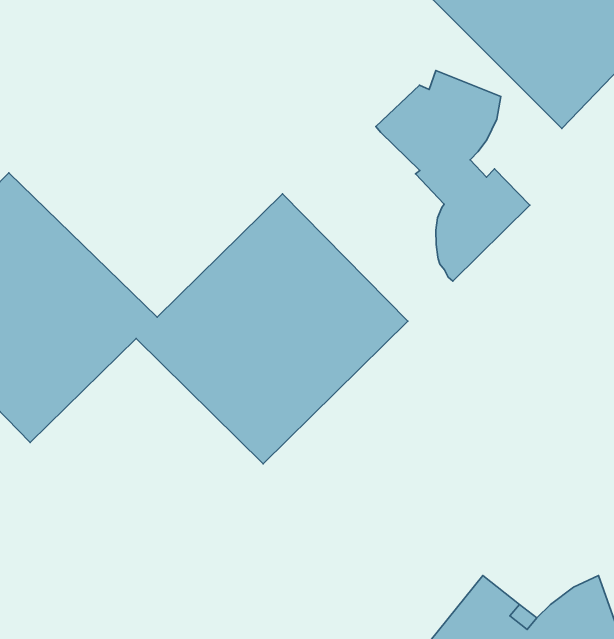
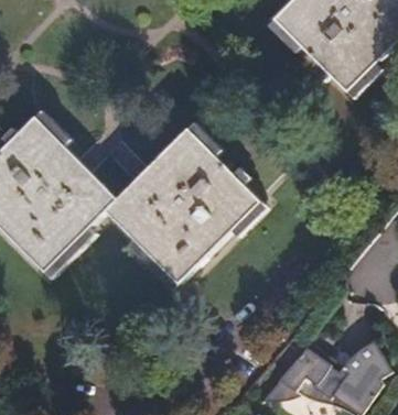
building: [376,70,530,281] -> none

